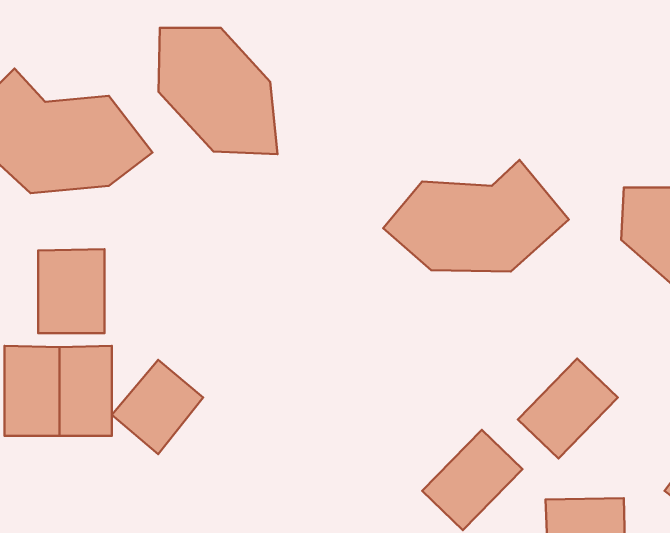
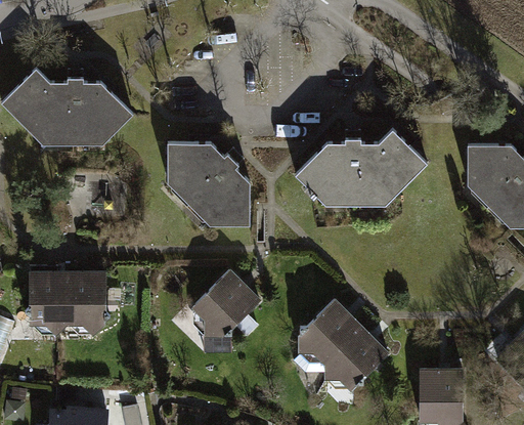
building: [158,28,277,154] -> [169,144,253,233]
building: [38,249,105,333] -> none
building: [518,358,618,459] -> [296,294,366,365]
building: [112,360,203,454] -> [194,266,259,333]

